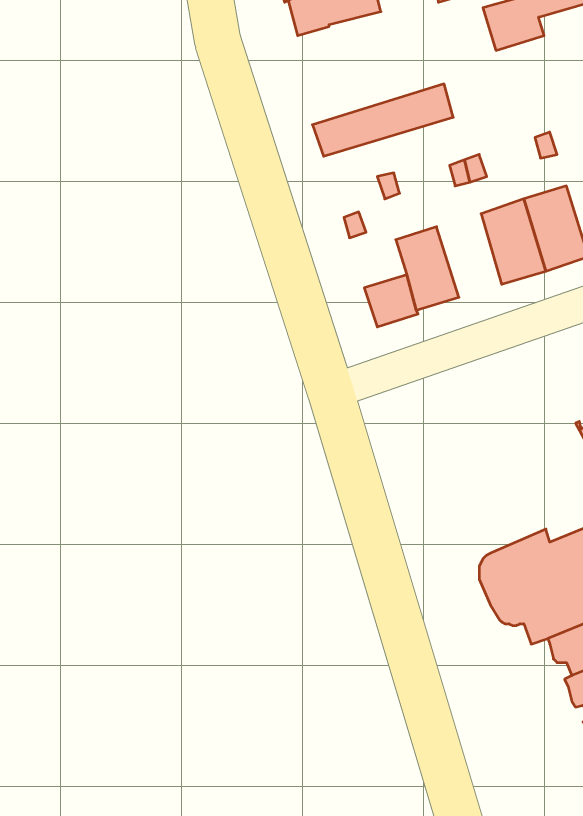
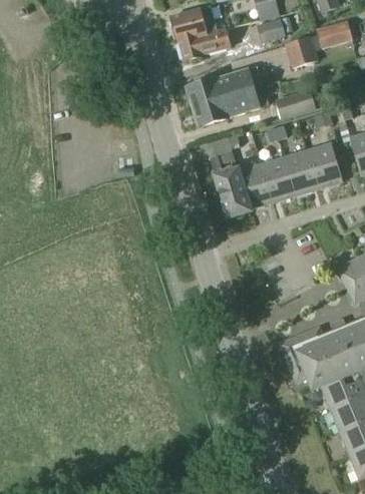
building: none -> [187,66,264,108]
building: none -> [275,87,316,120]
building: none -> [260,156,295,201]
building: none -> [215,168,244,196]

